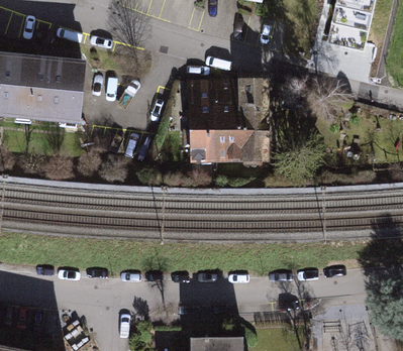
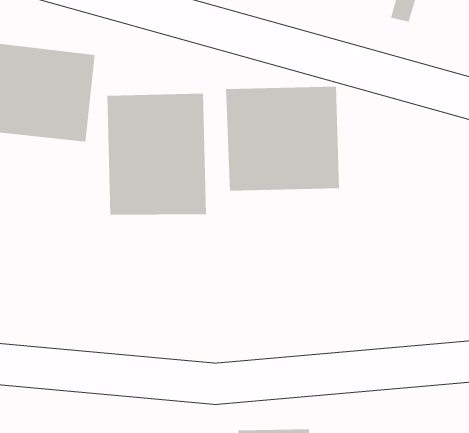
building: none -> [107,93,207,215]

